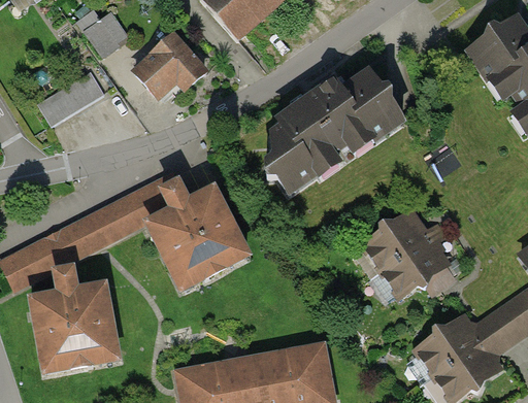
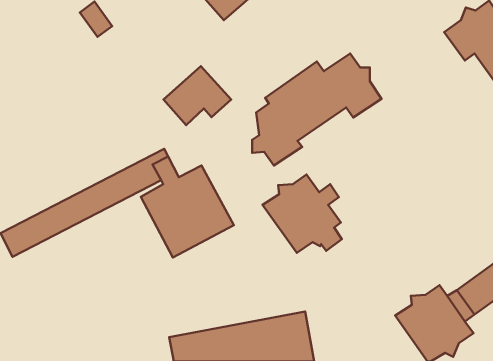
building: [134,35,205,97] -> [164,66,231,125]
building: [37,70,104,125] -> none
building: [364,211,448,294] -> [263,174,342,253]
building: [32,267,117,370] -> none

